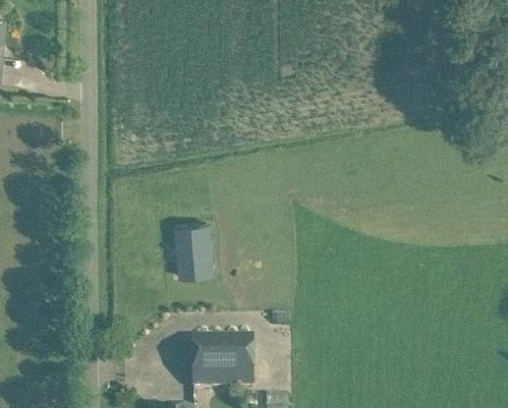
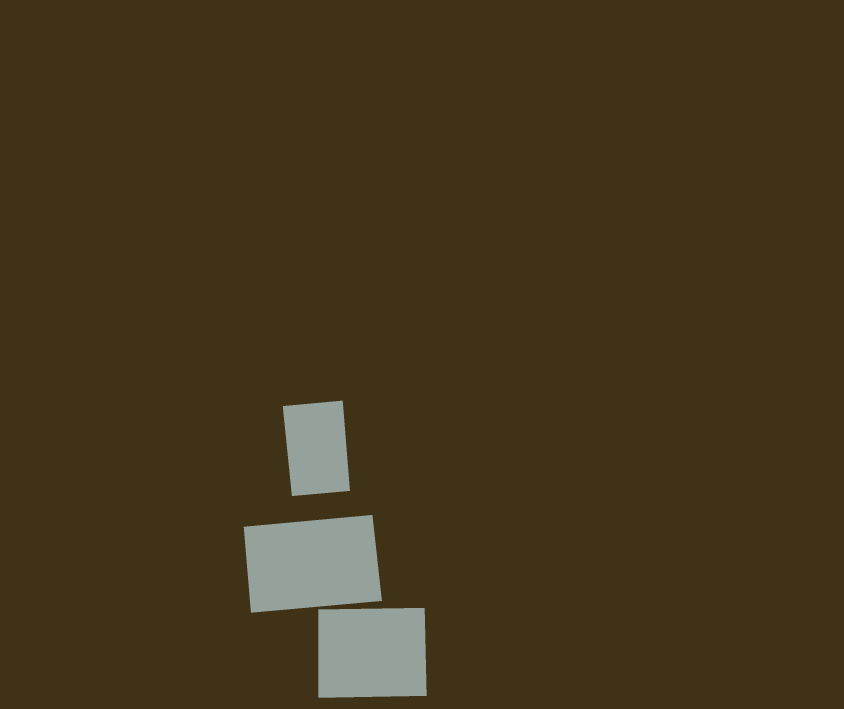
building: none -> [243,514,383,613]

